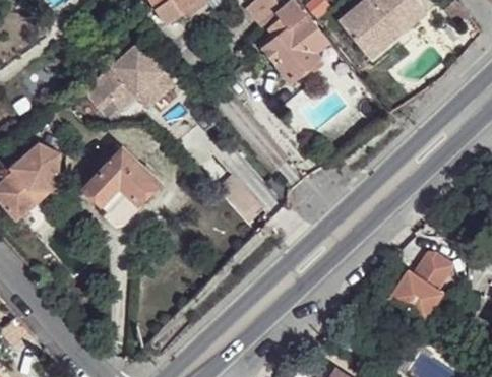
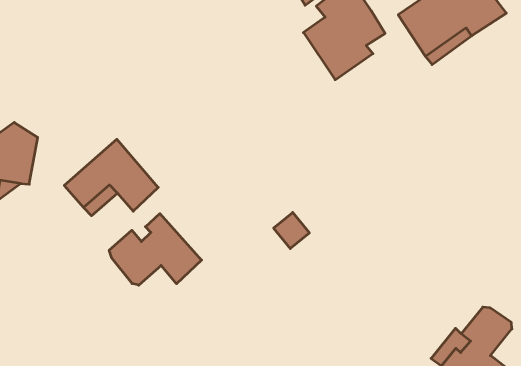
building: [78,41,169,108] -> none
building: none -> [109,214,202,285]

